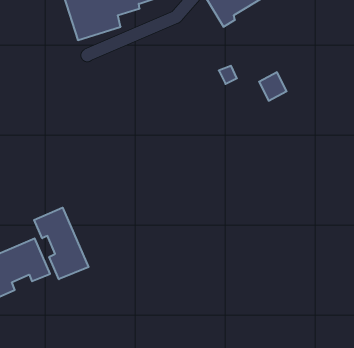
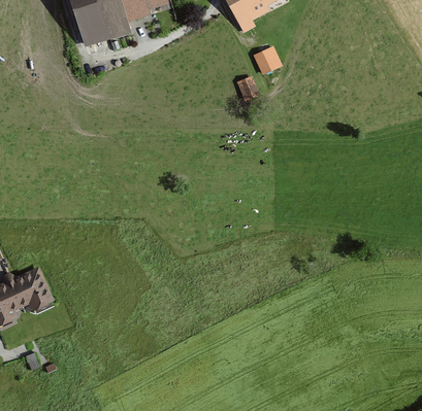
building: [259,72,287,101] -> [252,45,282,76]
building: [34,208,89,279] -> none

